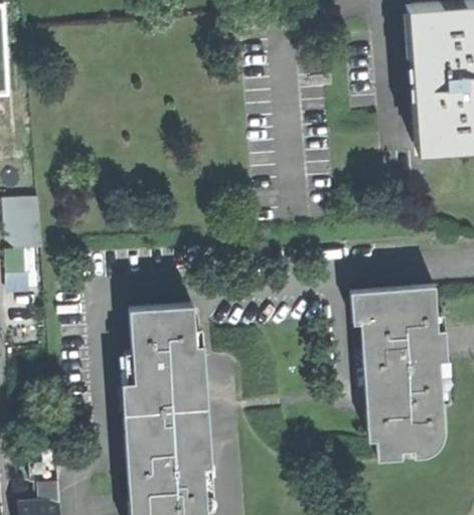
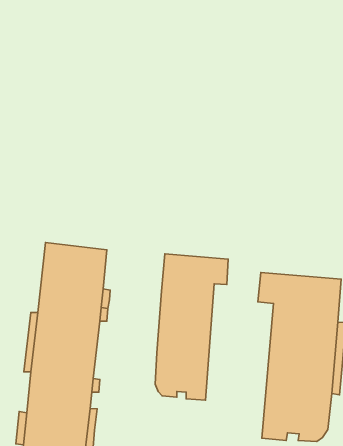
building: none -> [155,254,228,400]

